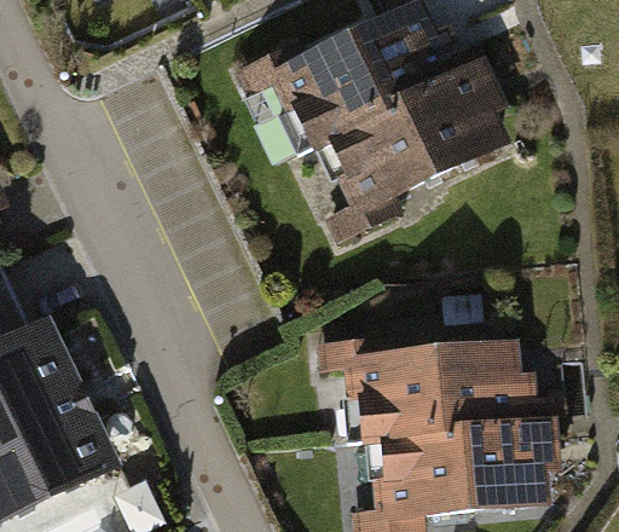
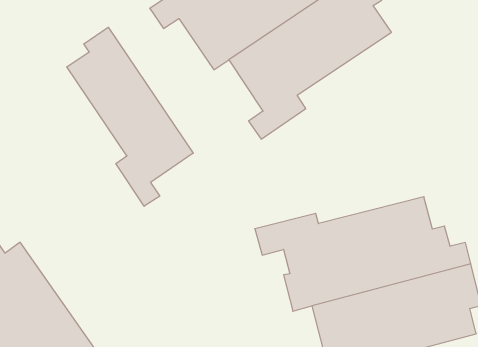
building: none -> [67,27,193,206]

